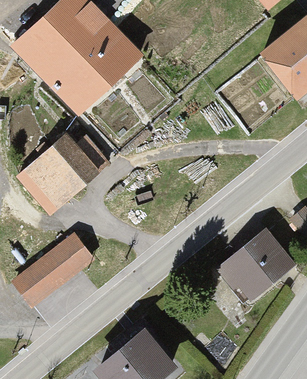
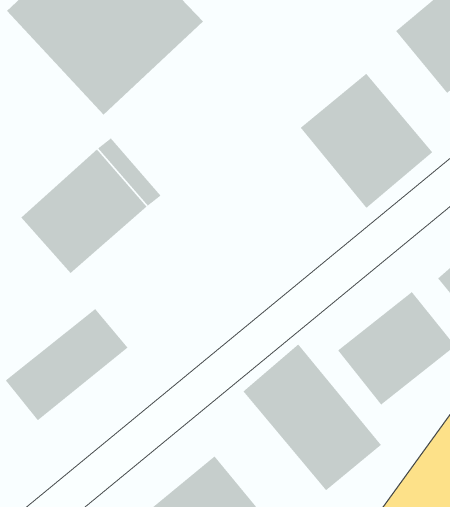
building: none -> [300,73,433,209]
building: none -> [242,343,382,491]

